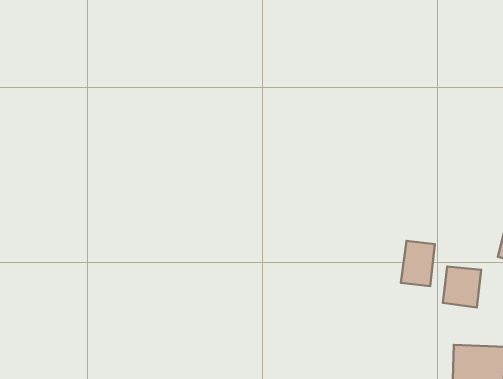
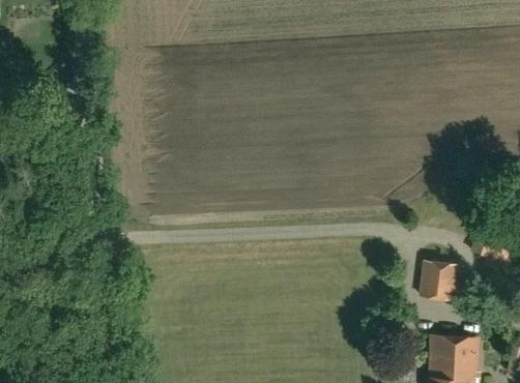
building: [401,241,435,286] -> none

